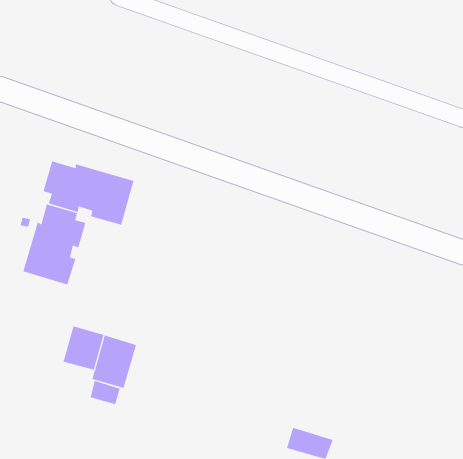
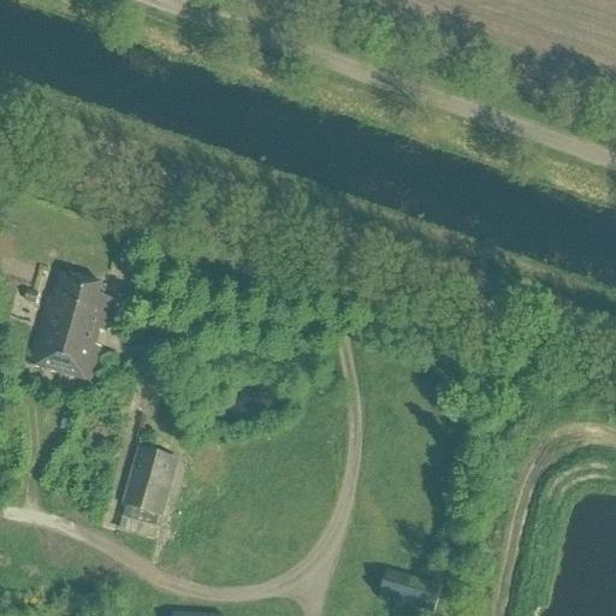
building: [43,160,134,225] -> none
building: [63,326,104,370] -> none

